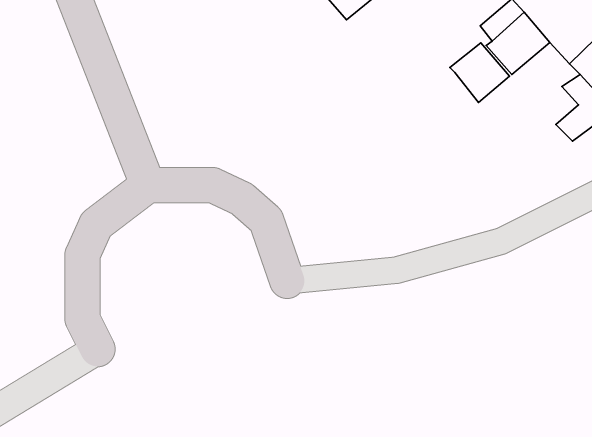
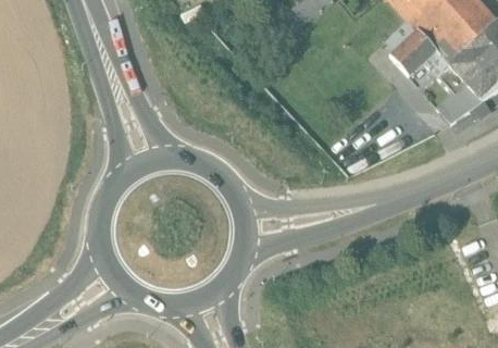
building: [450,43,509,102] -> none

